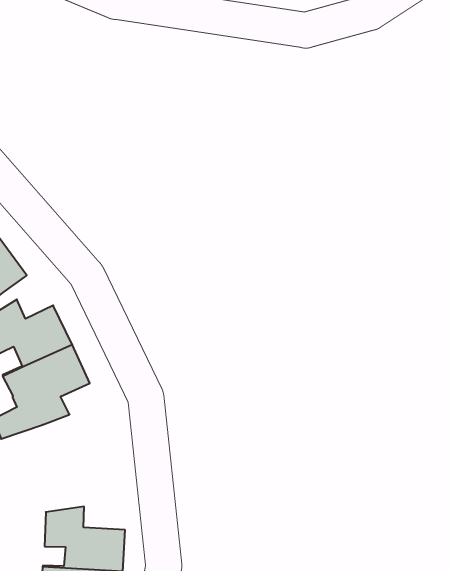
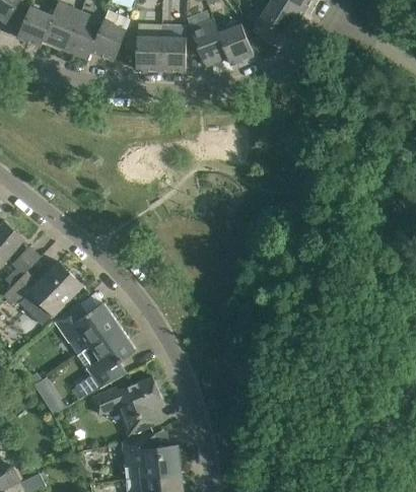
building: none -> [90,376,163,435]

